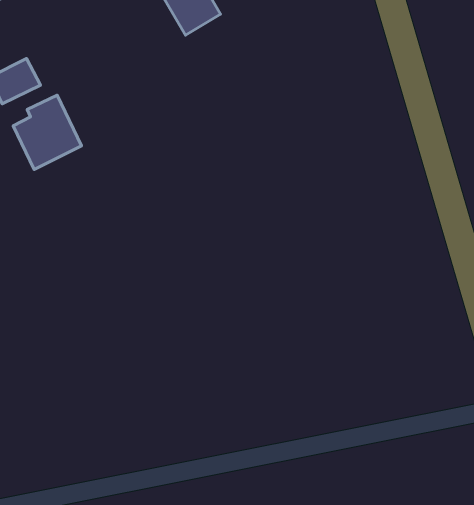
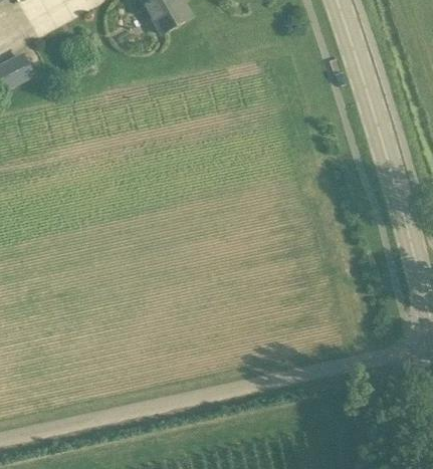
building: [13,95,81,169] -> none

